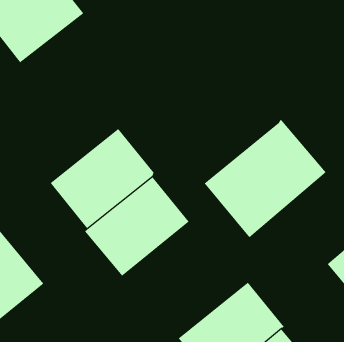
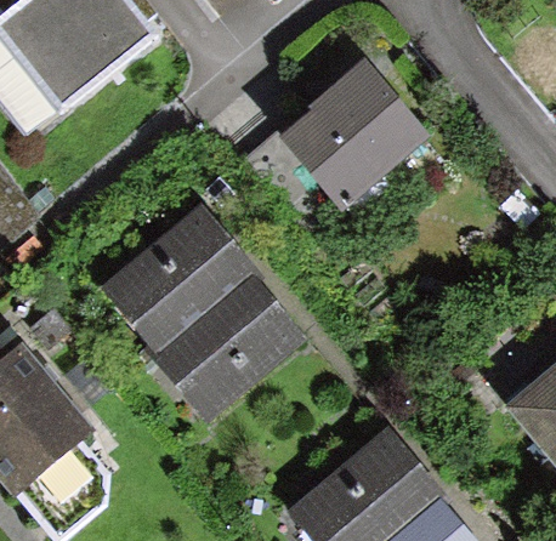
building: none -> [283,56,432,211]
building: [204,119,327,238] -> none

